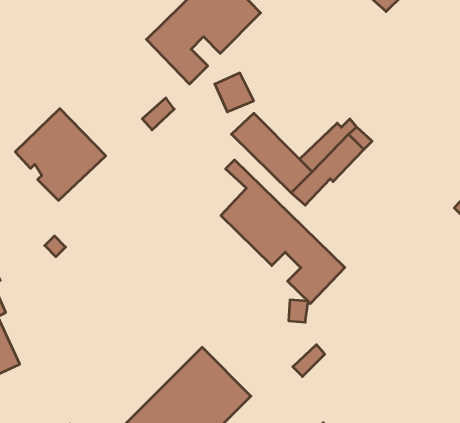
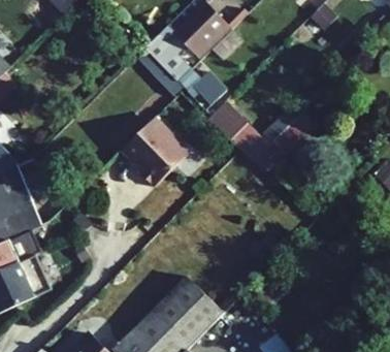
building: [15,109,106,200] -> [122,119,189,187]
building: [221,160,345,304] -> none

